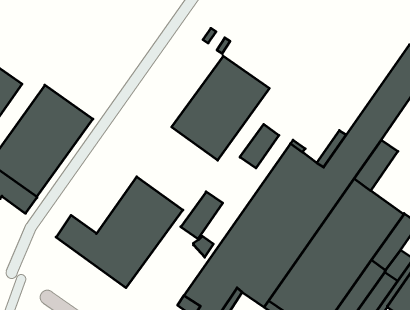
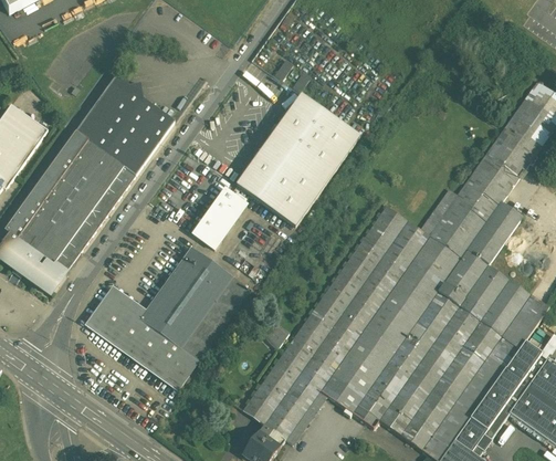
building: none -> [75,71,175,174]
building: [240,124,279,168] -> none
building: [181,192,223,239] -> [192,189,245,249]

